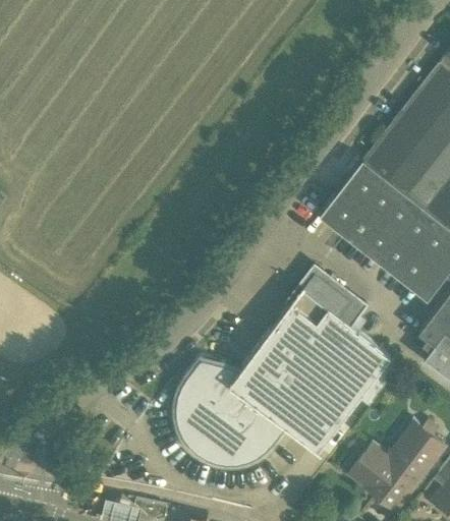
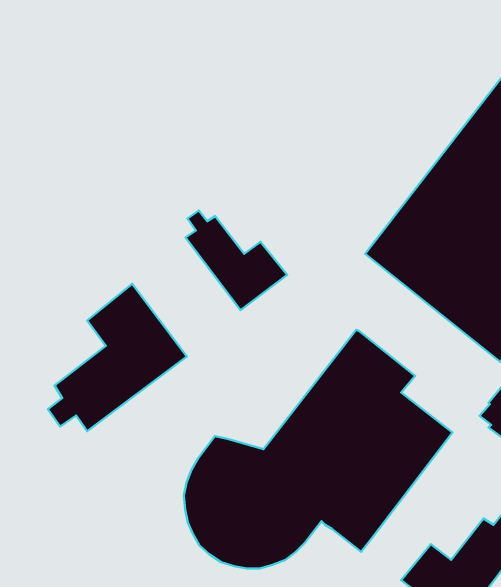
building: none -> [186,211,287,310]
building: none -> [48,284,187,431]

